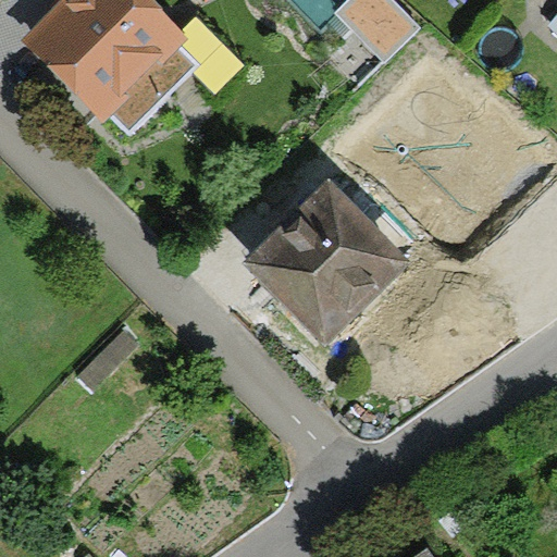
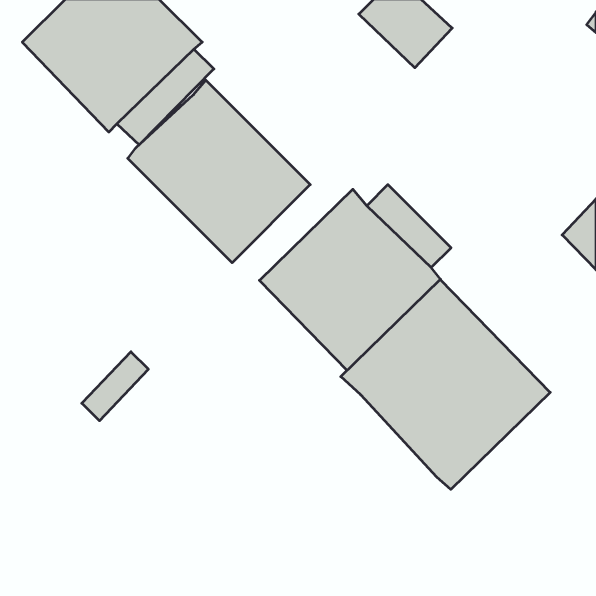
building: none -> [128,80,310,263]
building: none -> [341,280,550,489]

